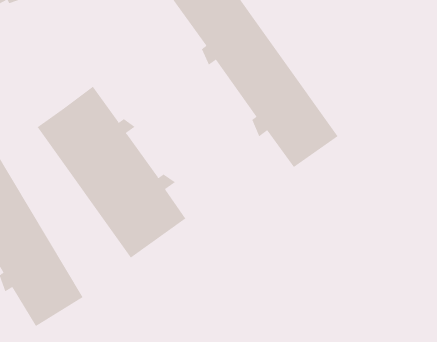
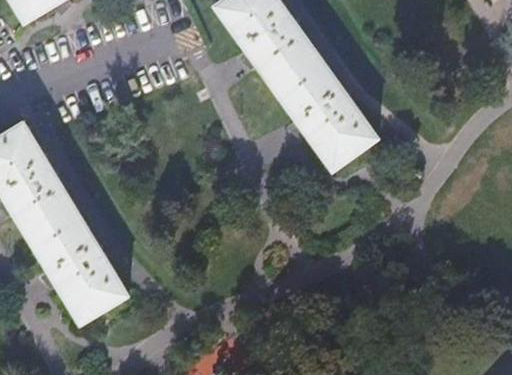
building: [37,86,186,259] -> none

